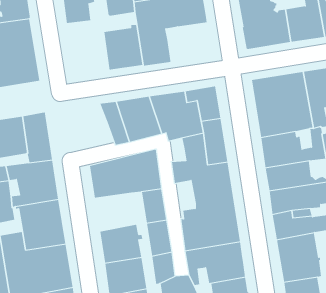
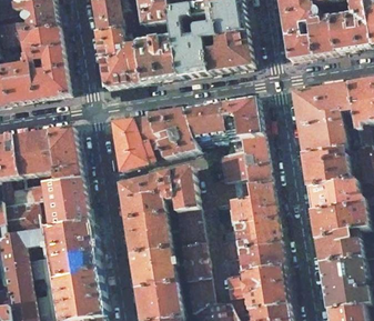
building: none -> [94,28,140,87]
building: none -> [203,30,250,71]
building: none -> [109,117,146,169]
building: none -> [124,212,170,253]

